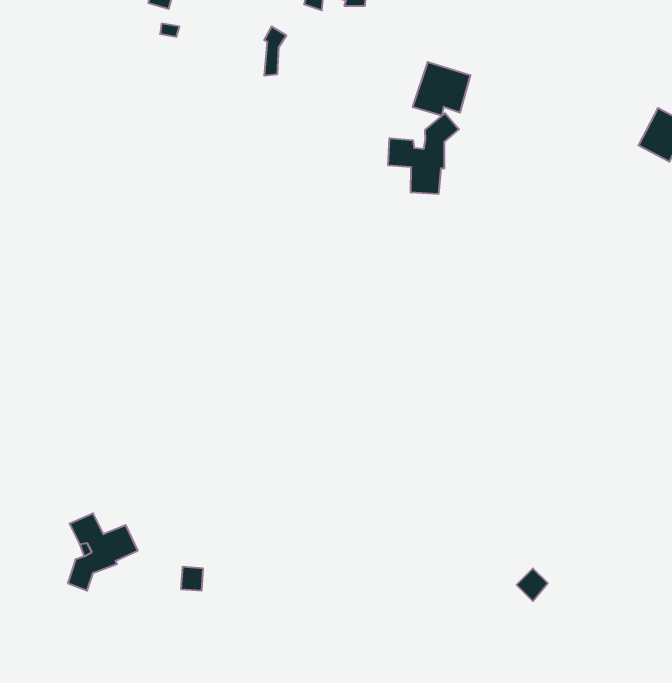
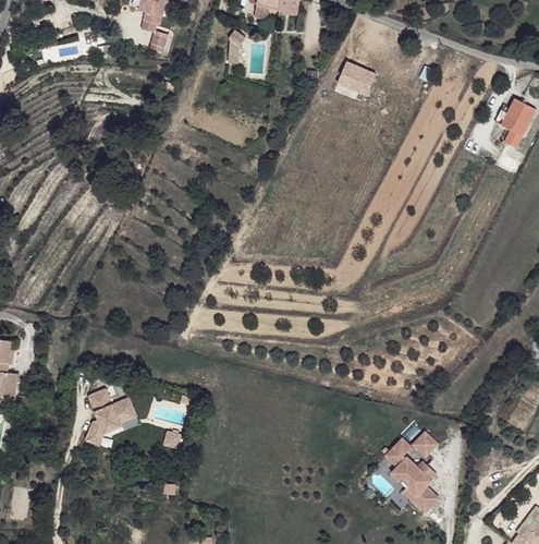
building: [388,113,459,194] -> none
building: none -> [385,439,438,511]

